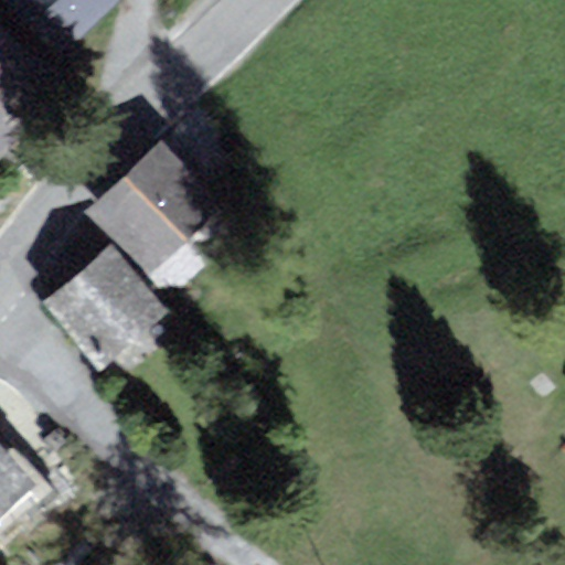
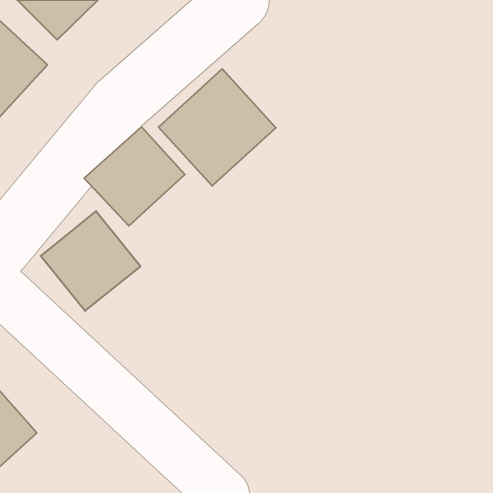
building: none -> [159,69,276,186]

